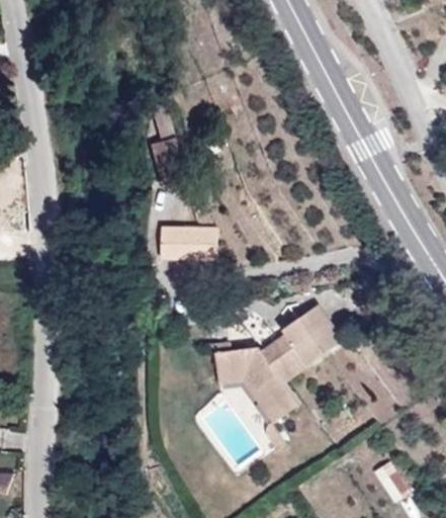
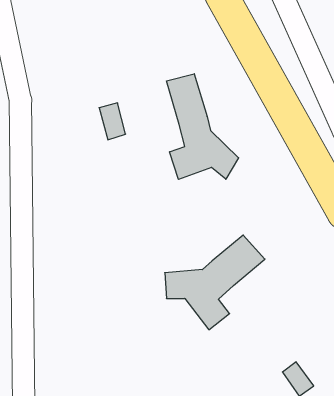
building: none -> [167,74,239,179]
building: [149,227,201,258] -> none

